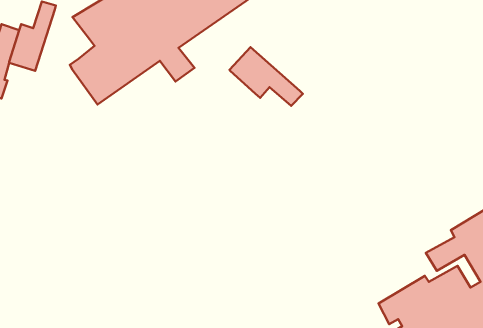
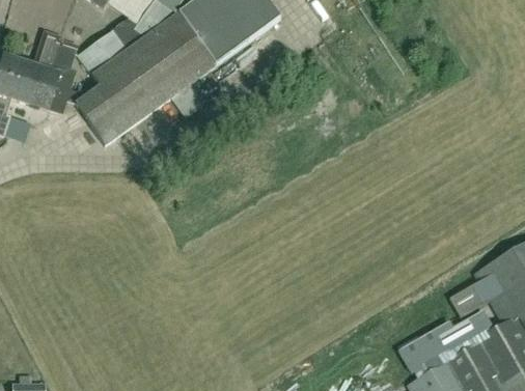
building: none -> [39,43,85,114]
building: [230,47,303,106] -> none

